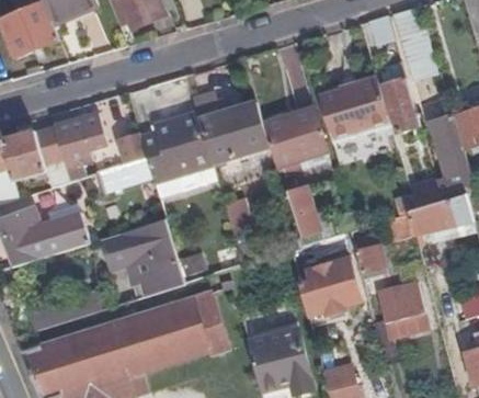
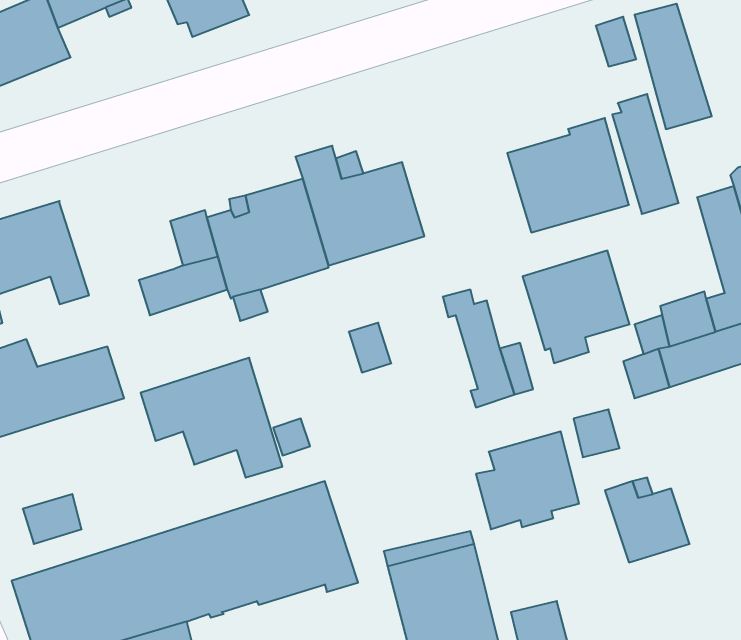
building: [262,109,326,175] -> [523,251,630,363]
building: [52,112,107,181] -> none

